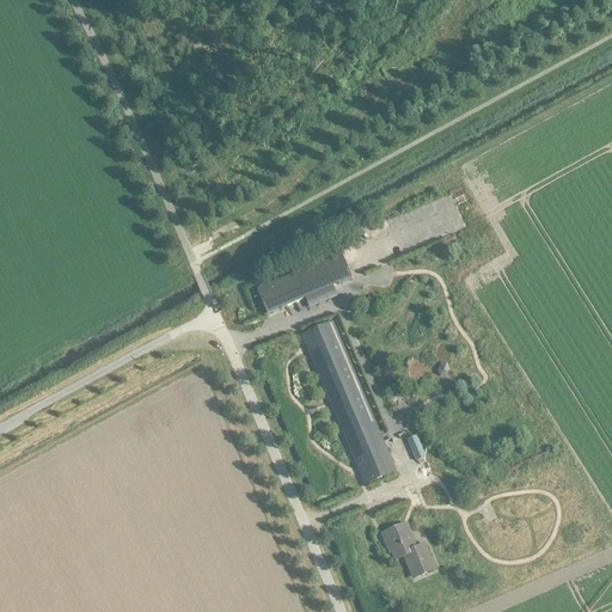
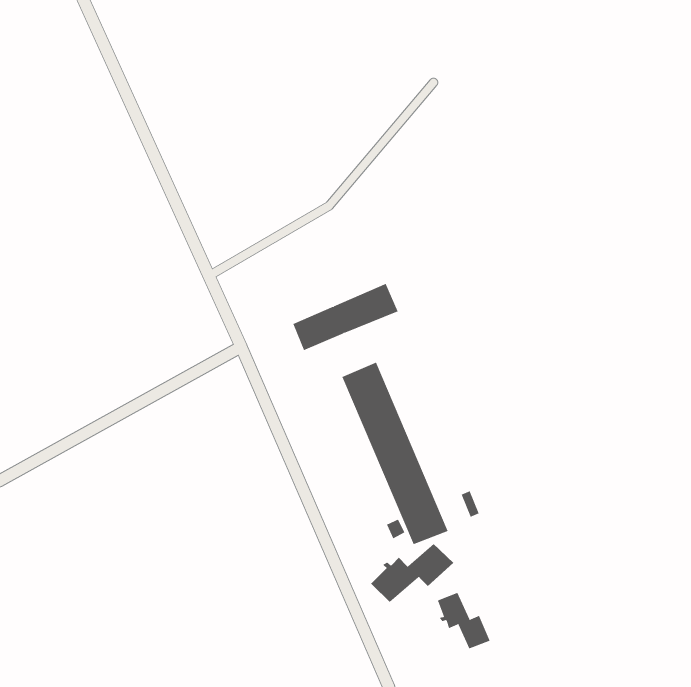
building: none -> [367,543,454,603]

